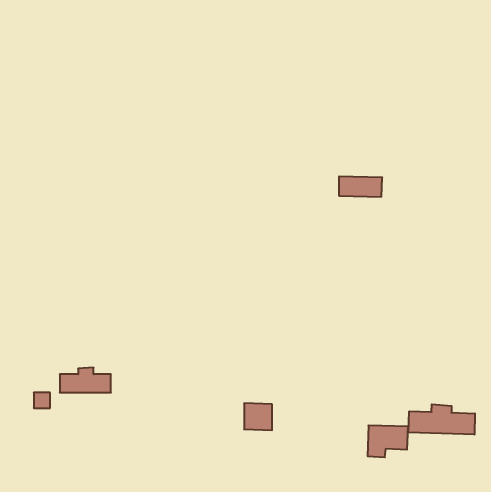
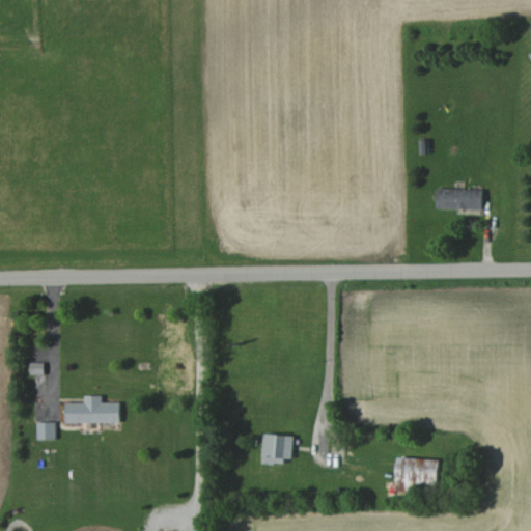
building: [339,176,382,197] -> [436,189,482,211]
building: [409,404,475,435] -> none

